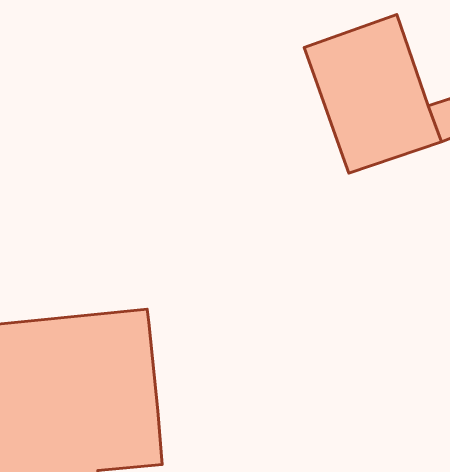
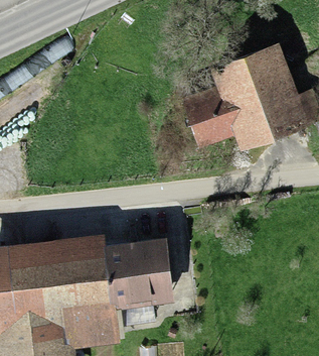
building: none -> [182,87,236,148]
building: none -> [106,241,168,307]

